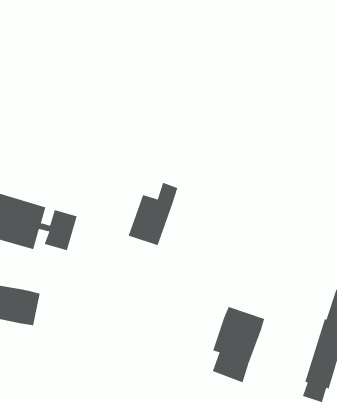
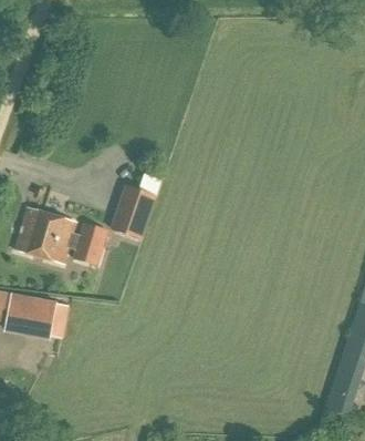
building: [128,182,178,246] -> [109,173,159,236]
building: [212,306,265,383] -> none

